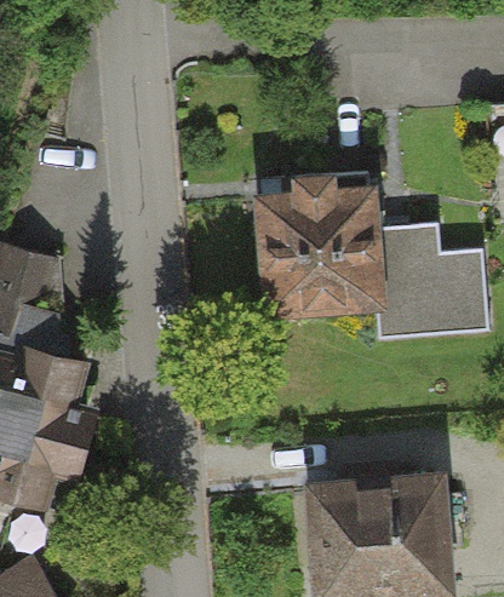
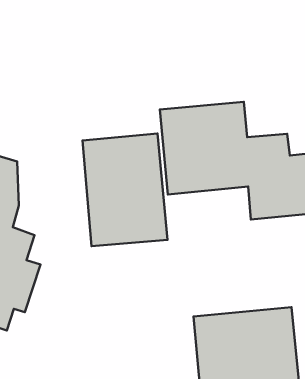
building: none -> [83,134,168,246]

